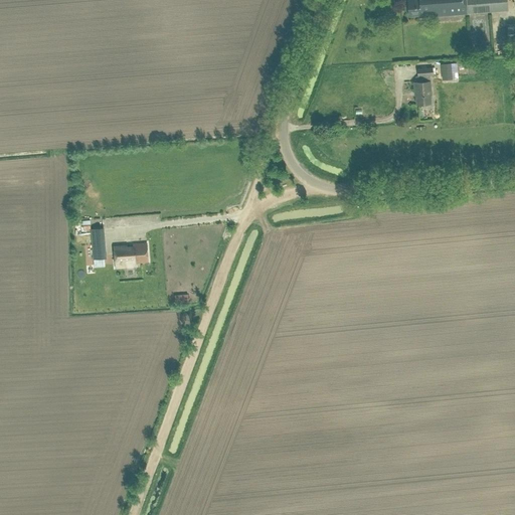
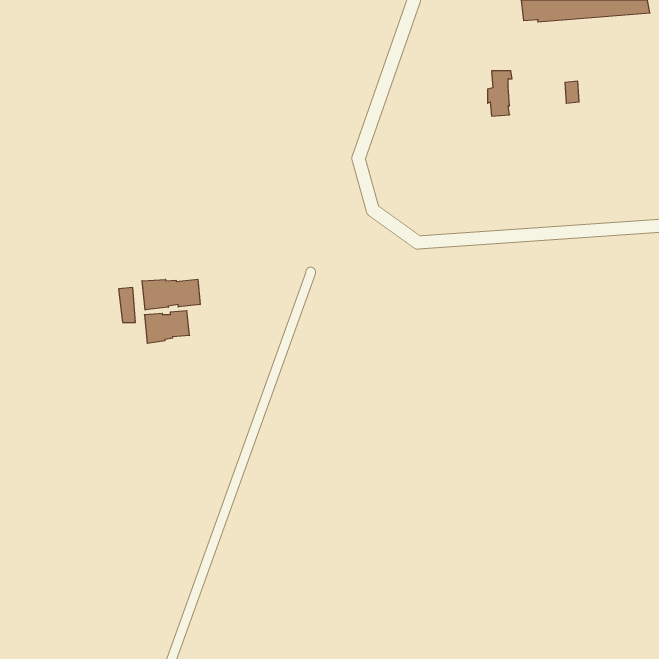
building: [413,68,433,104] -> [488,71,512,116]
building: none -> [142,279,200,310]

